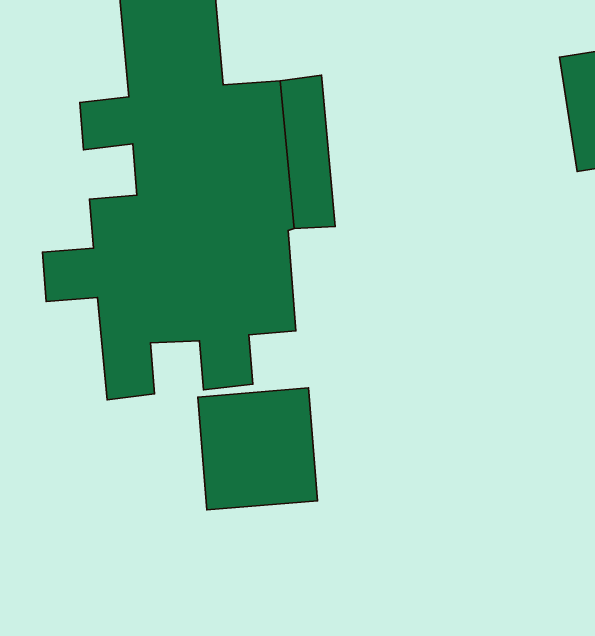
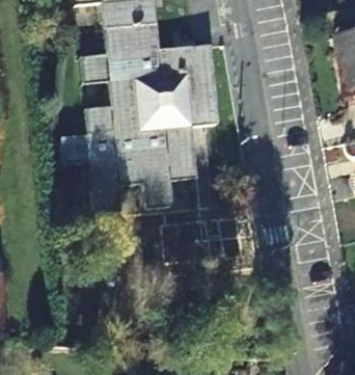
building: [198,388,317,510] -> none

